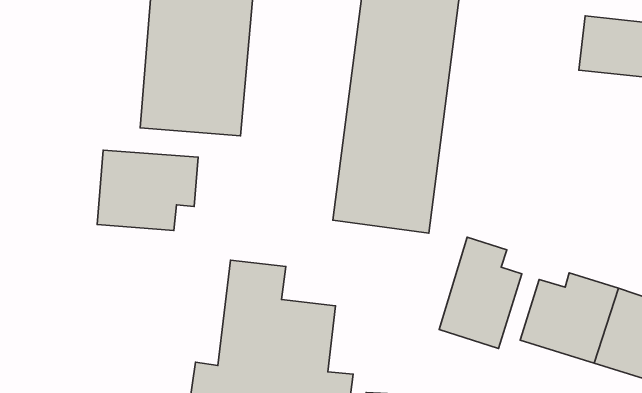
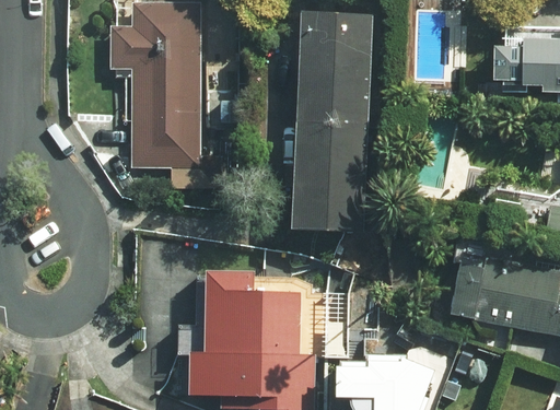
building: [97,150,198,231] -> none
building: [439,237,522,348] -> none

